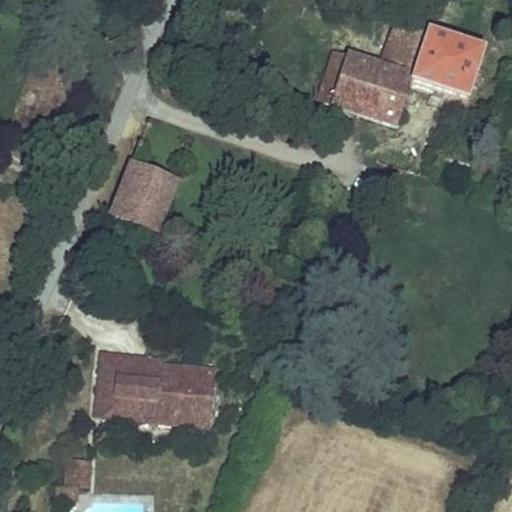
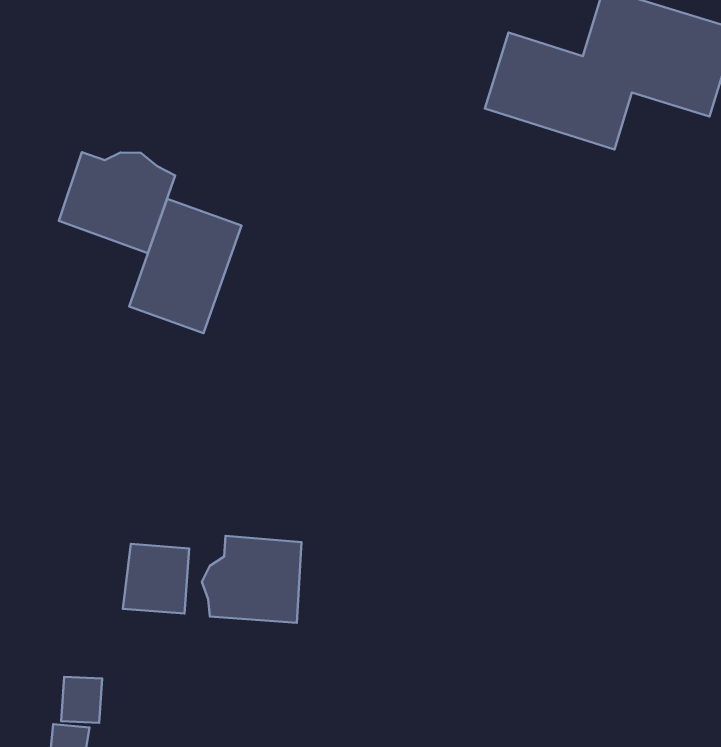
building: none -> [59,152,175,253]
building: [101,351,165,417] -> none

